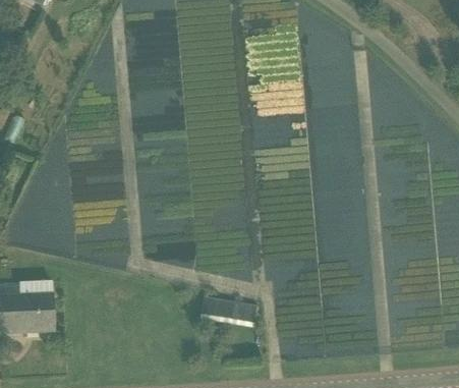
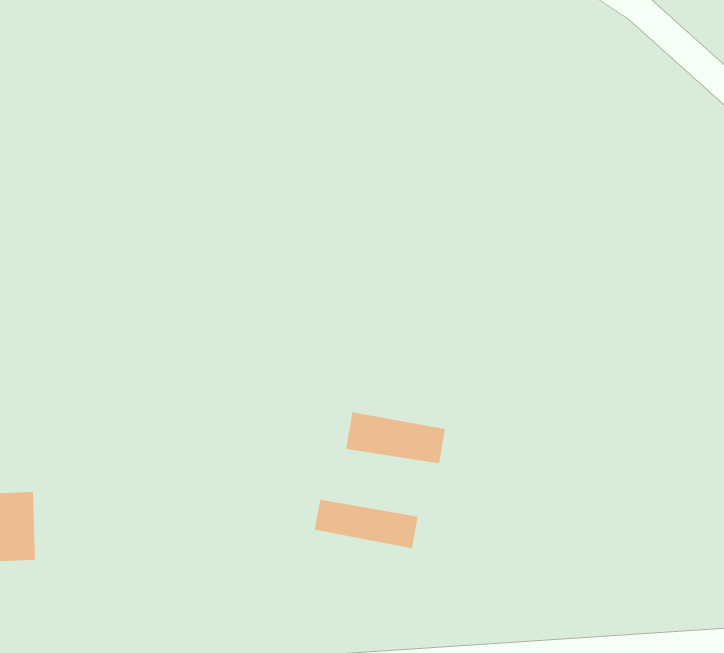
building: none -> [346,412,445,464]

